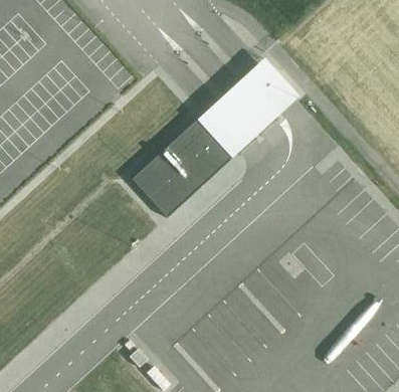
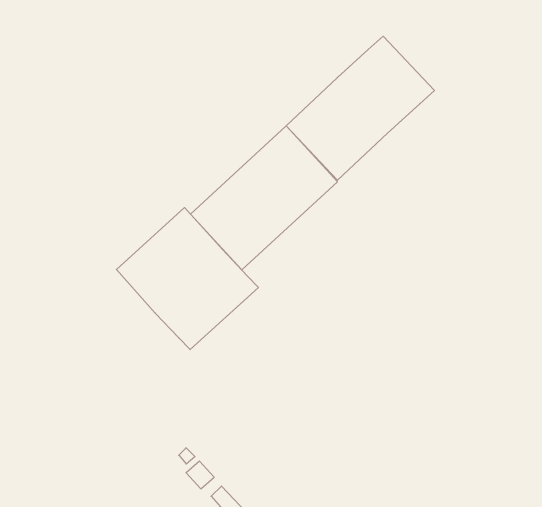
building: none -> [116,208,258,350]

